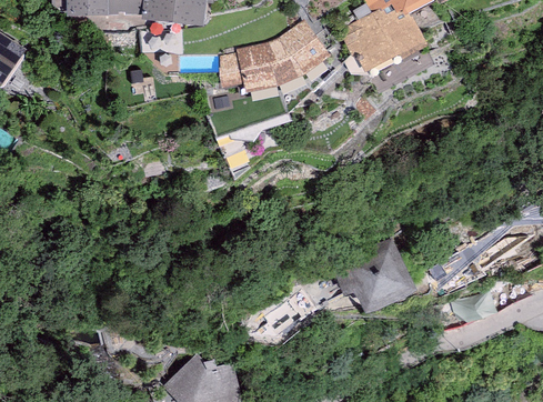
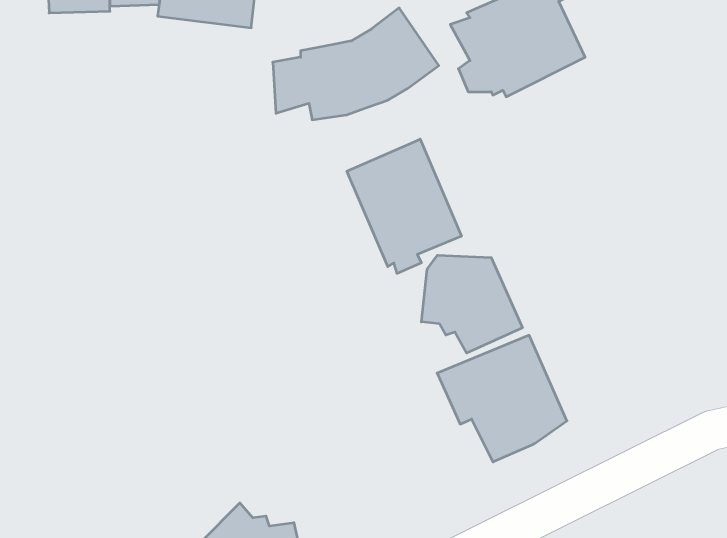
building: none -> [347,139,461,273]
building: none -> [421,255,522,353]

